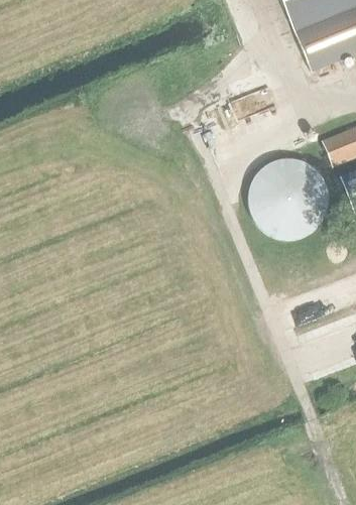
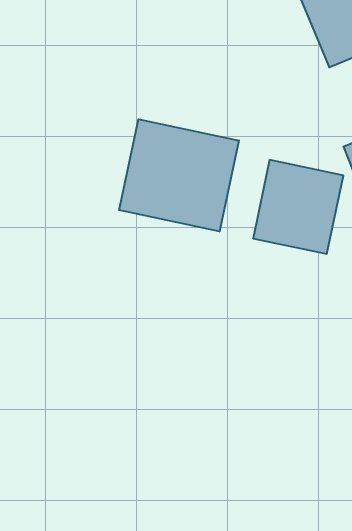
building: none -> [119,119,239,231]

